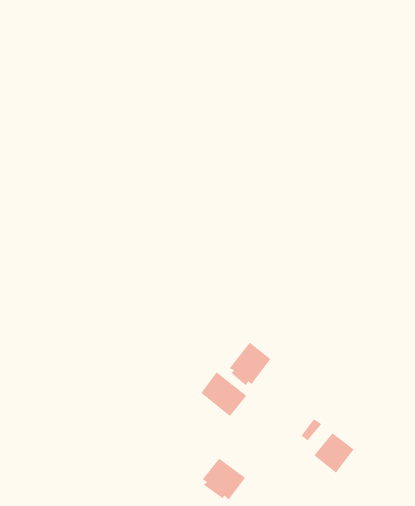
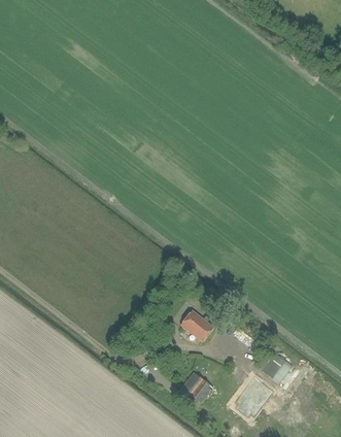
building: [229,342,271,386] -> none

